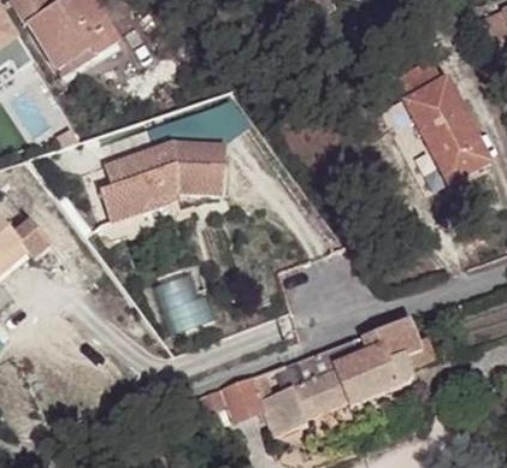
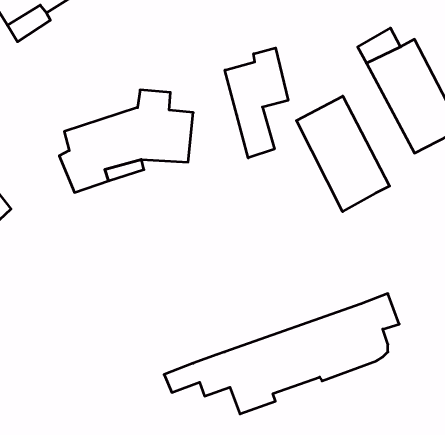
building: none -> [225,48,288,158]
building: none -> [296,96,390,212]

